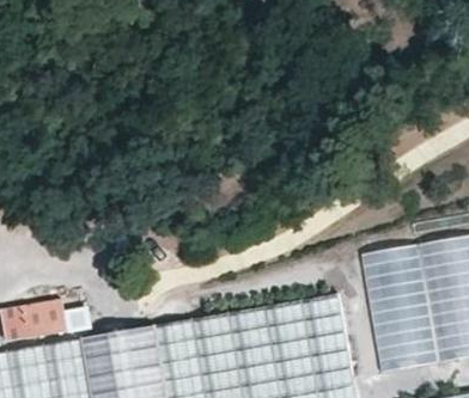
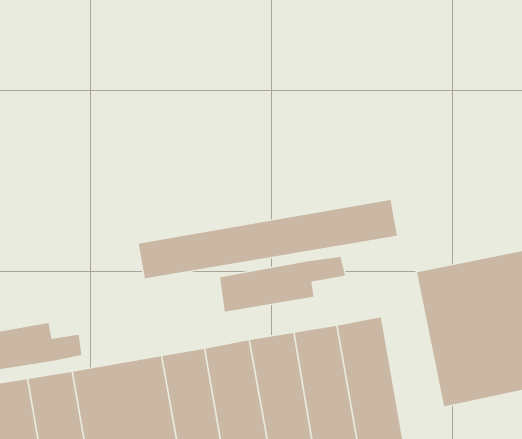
building: none -> [138,199,398,279]
building: none -> [219,256,346,312]

